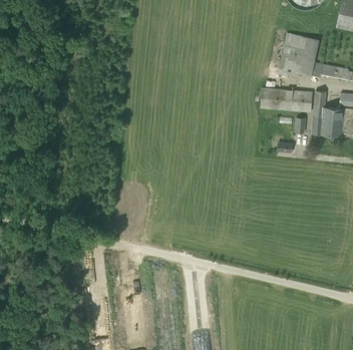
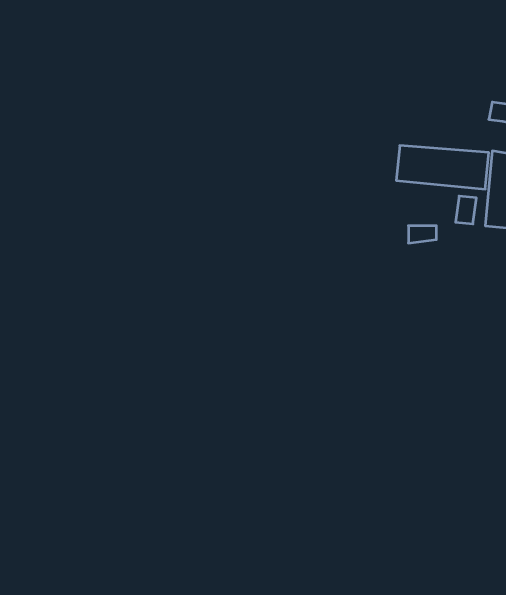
building: [279,33,309,79] -> none

